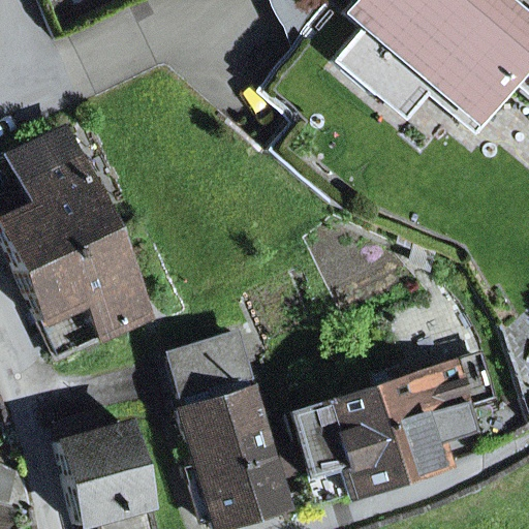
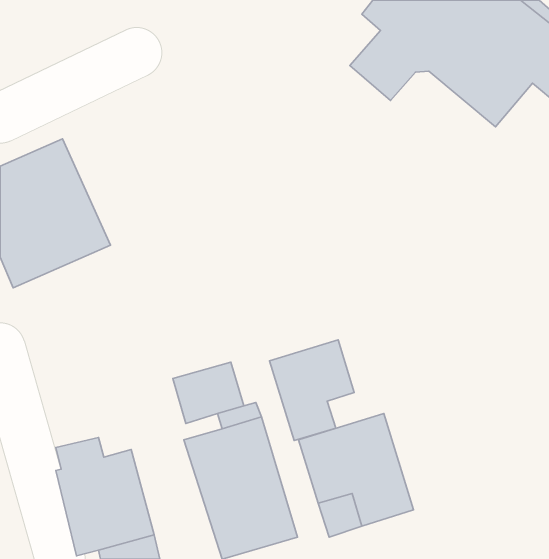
building: [22,231,151,357] -> none
building: none -> [270,340,354,441]
building: [372,356,497,481] -> none

